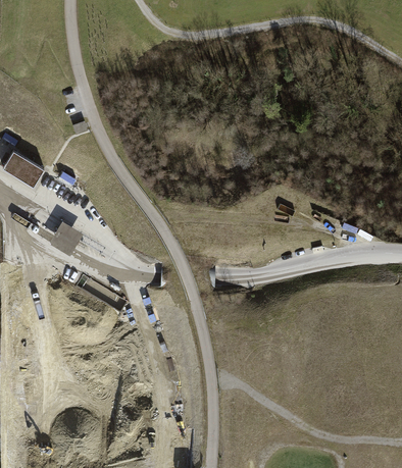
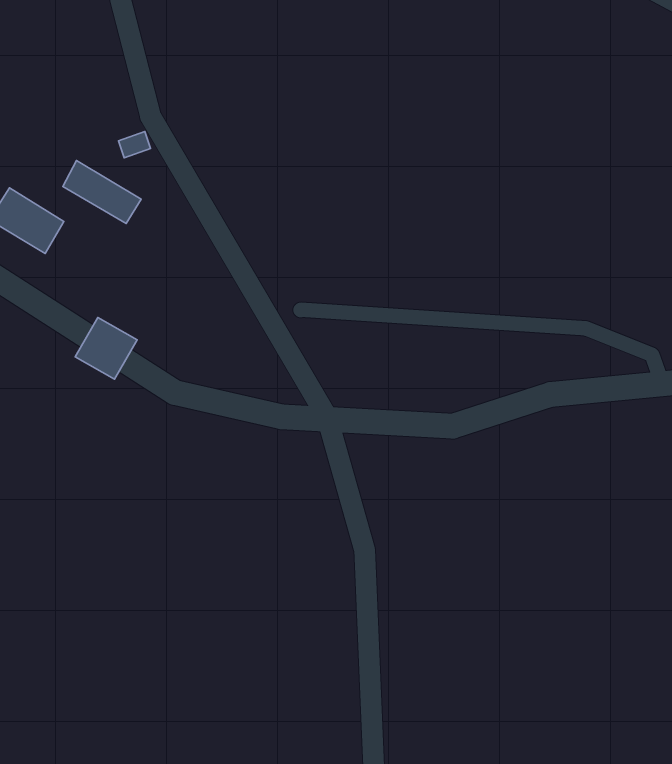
building: none -> [63,160,141,224]

